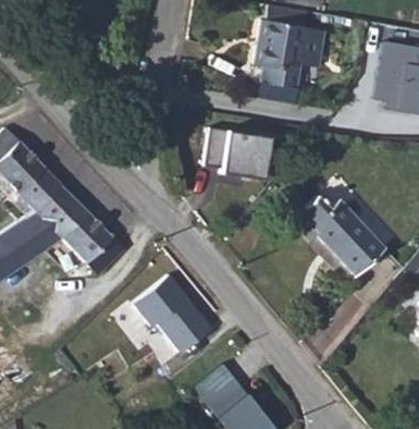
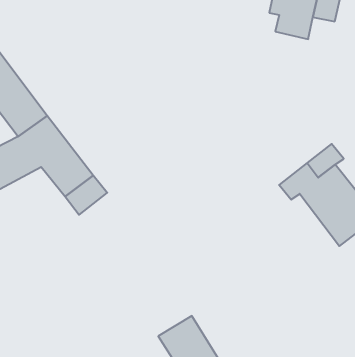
building: [197,132,258,175] -> none
building: [131,273,209,353] -> none

